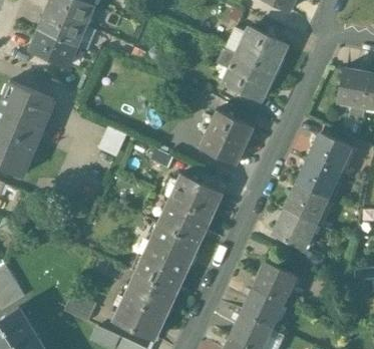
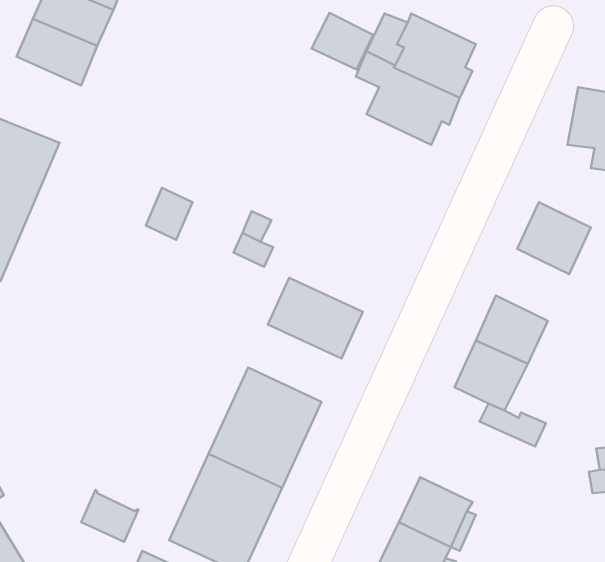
building: none -> [311,13,373,70]
building: [197,109,253,164] -> none
building: [297,158,338,199] -> none
building: [158,201,211,244] -> none
building: [255,261,296,300] -> none

